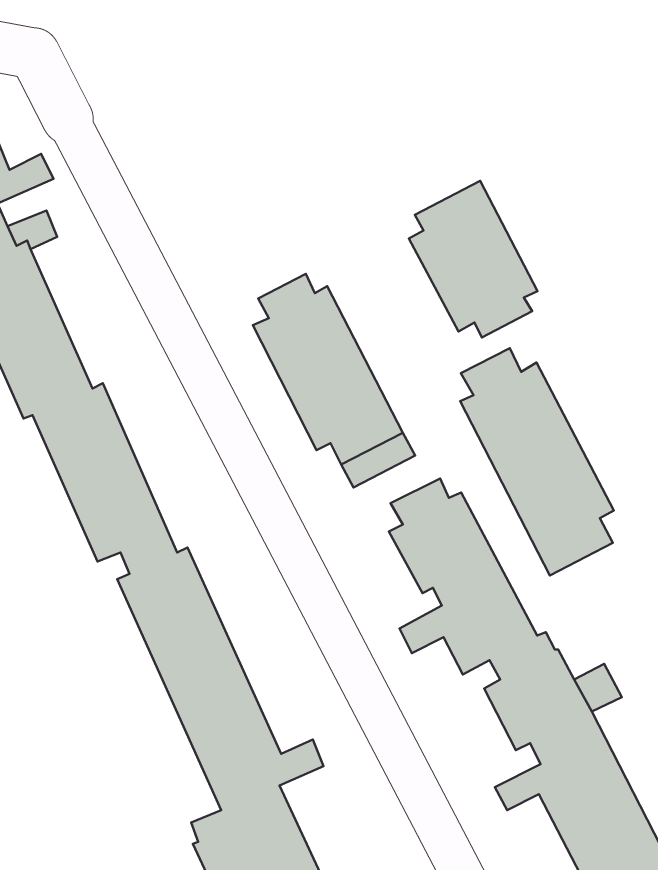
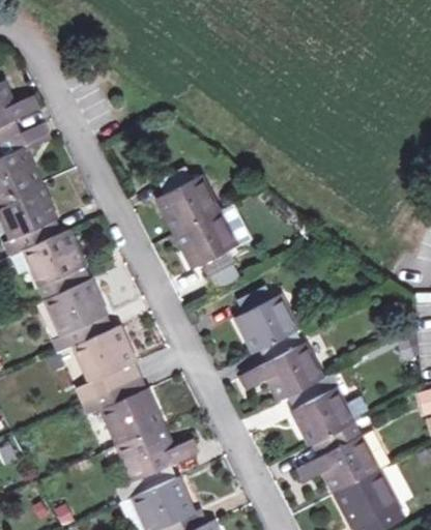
building: [409,181,537,337] -> none
building: [460,348,614,576] -> none

